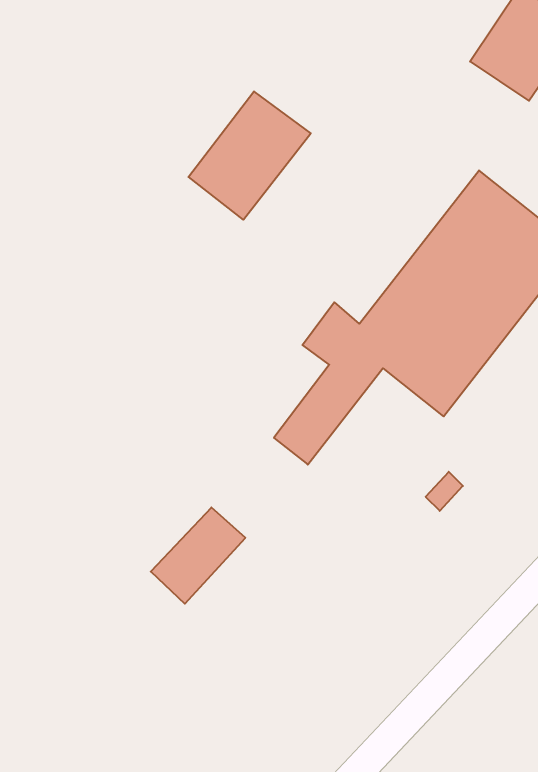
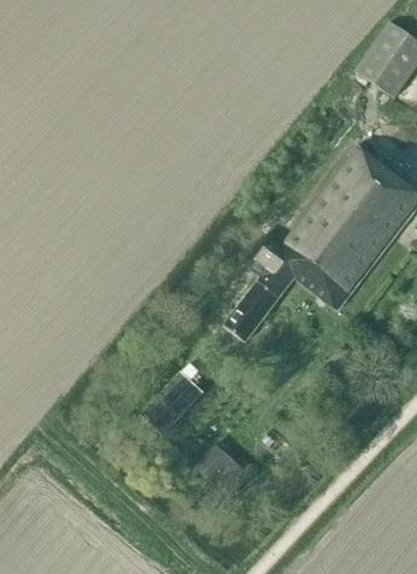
building: [188,91,311,220] -> none
building: none -> [193,443,249,497]

